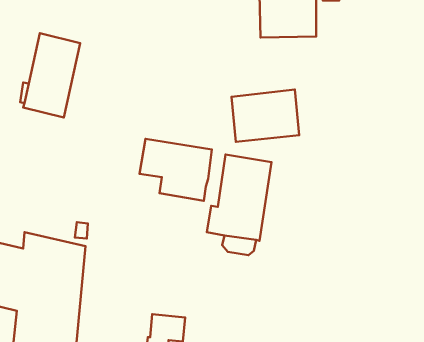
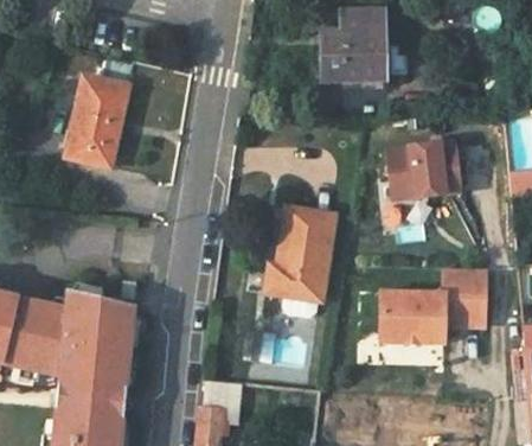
building: [231,89,299,142] -> [387,141,461,198]
building: [139,139,212,201] -> none
building: none -> [380,267,486,343]

